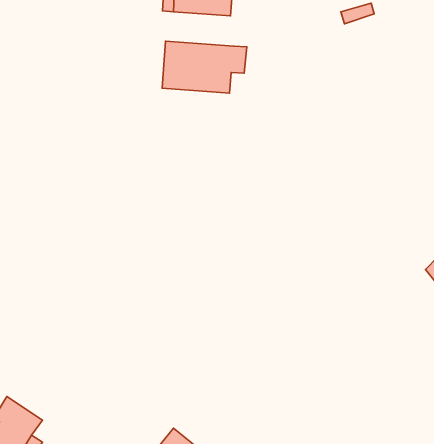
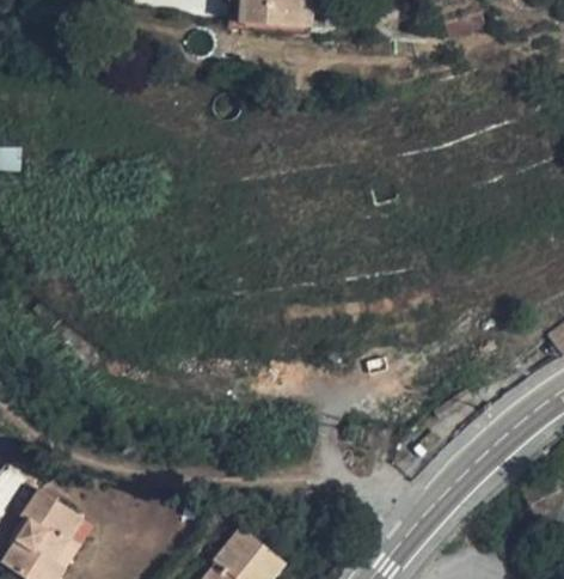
building: [162,41,247,93] -> none

